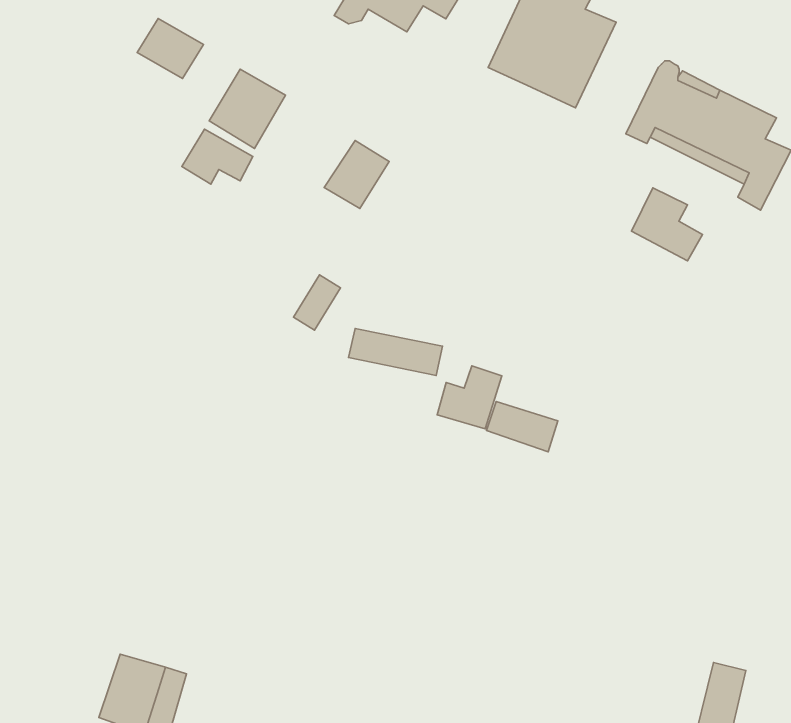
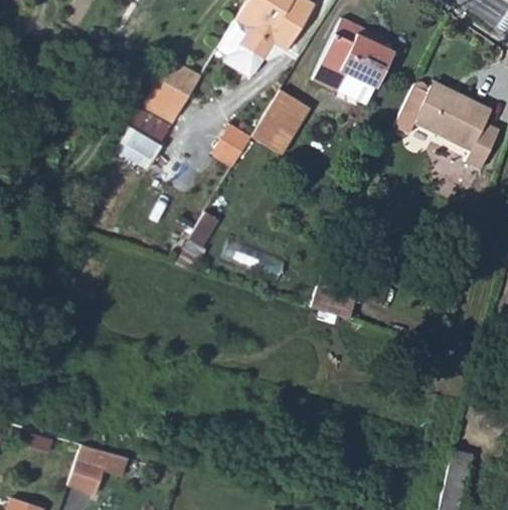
building: [137,18,204,78] -> [158,60,199,98]
building: none -> [251,92,309,155]
building: [631,188,703,261] -> none
building: [437,366,502,429] -> none

